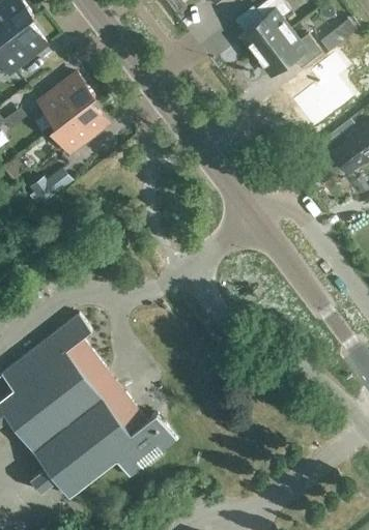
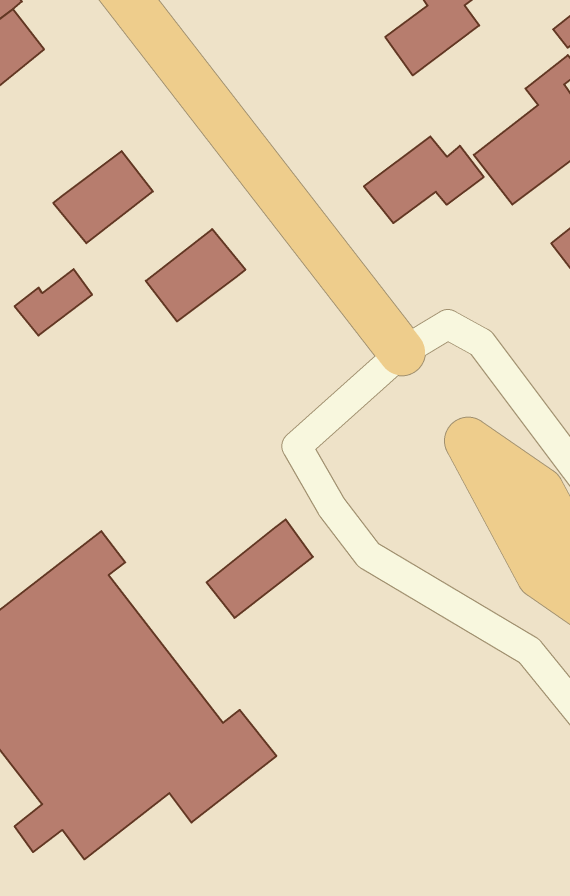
building: [253,30,320,79] -> [364,136,484,223]
building: [38,73,94,125] -> [146,229,245,321]
building: none -> [207,519,313,618]

